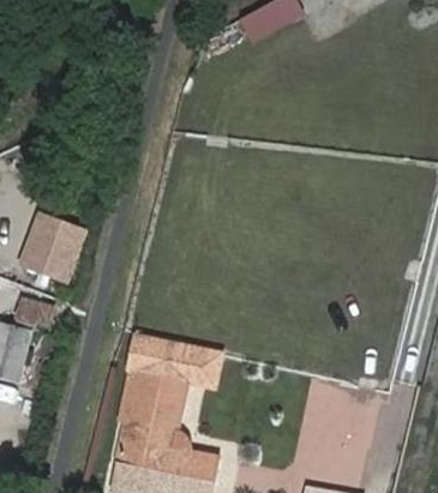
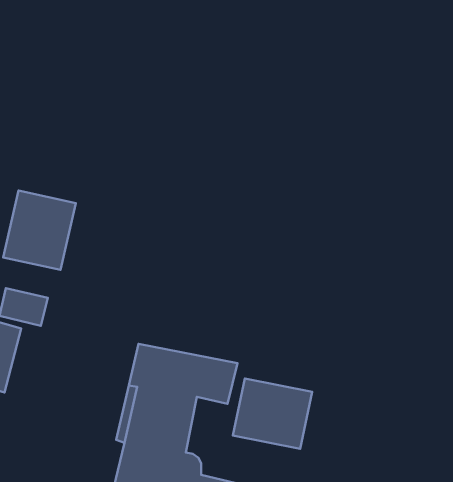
building: none -> [233,378,312,449]

